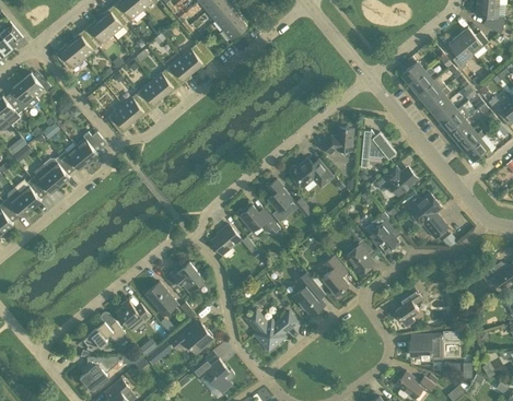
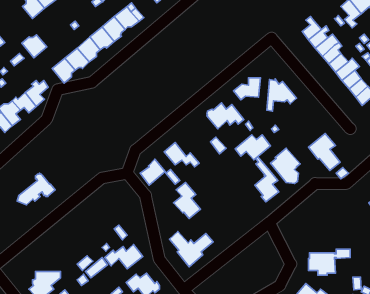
building: [54,44,83,71] -> [22,35,47,58]
building: [375,166,417,196] -> [235,135,270,160]
building: [266,179,292,212] -> none
building: [322,256,348,294] -> none
building: [168,261,205,293] -> none
building: [292,272,324,315] -> [173,182,200,218]
building: [144,282,176,315] -> none
building: [395,288,421,326] -> none
building: [116,300,150,331] -> none
building: [80,312,125,350] -> [17,173,55,205]

